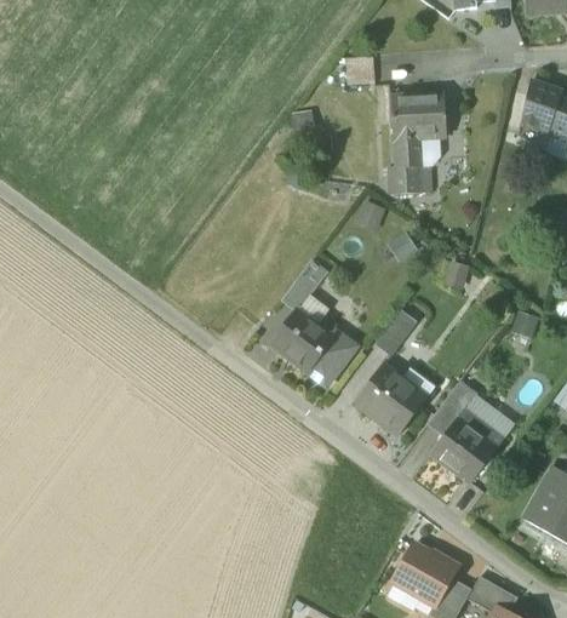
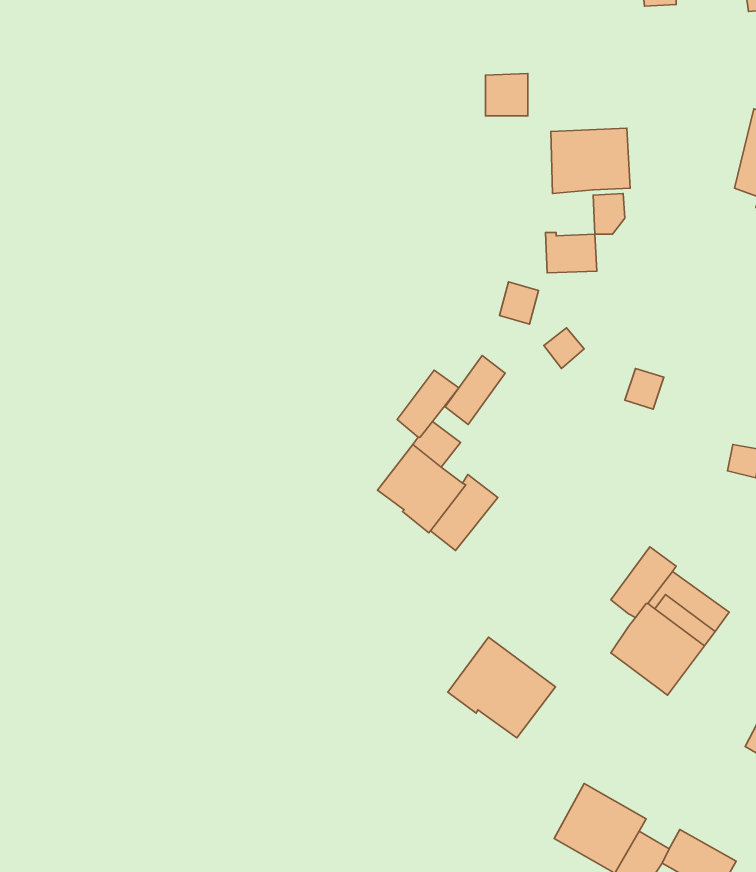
building: [393,136,422,167] -> none
building: [376,309,417,356] -> [445,356,505,424]
building: [354,365,428,434] -> [448,637,556,738]

